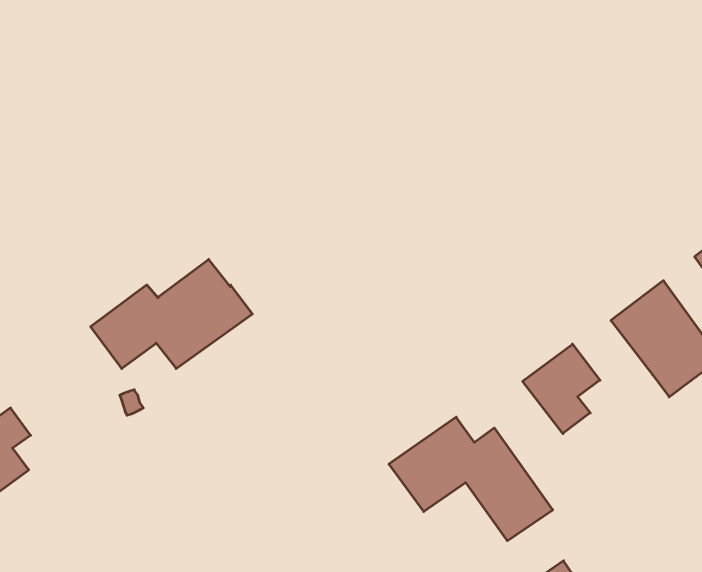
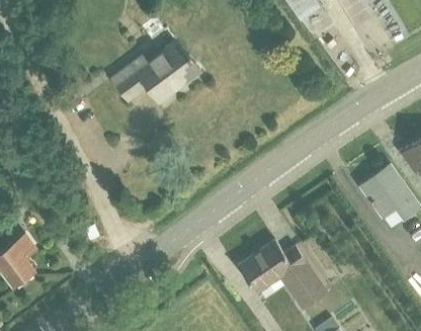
building: [91,259,252,369] -> [111,42,201,102]
building: [523,344,600,434] -> none

